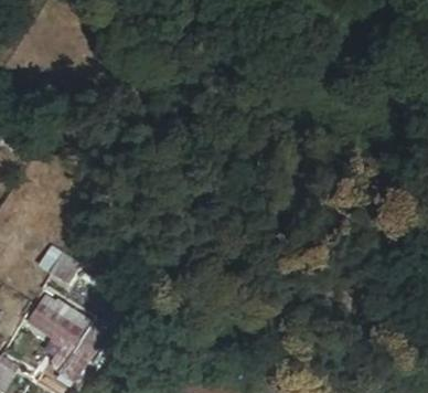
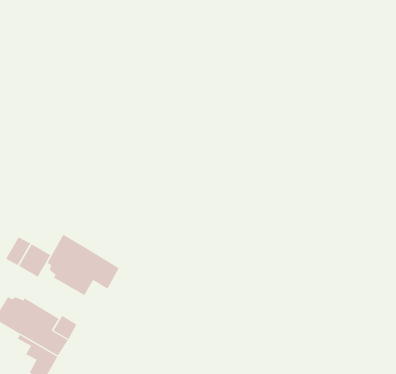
building: none -> [47,234,119,296]

